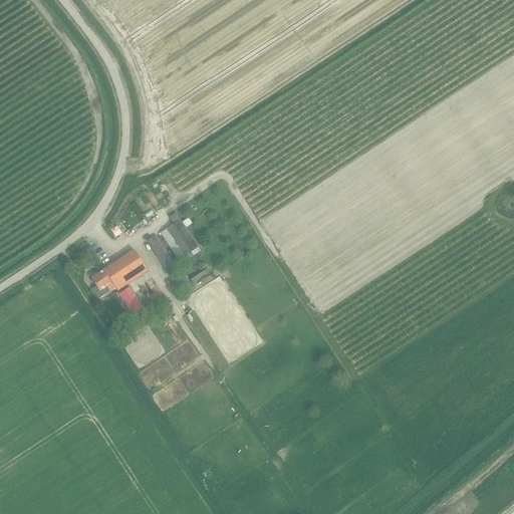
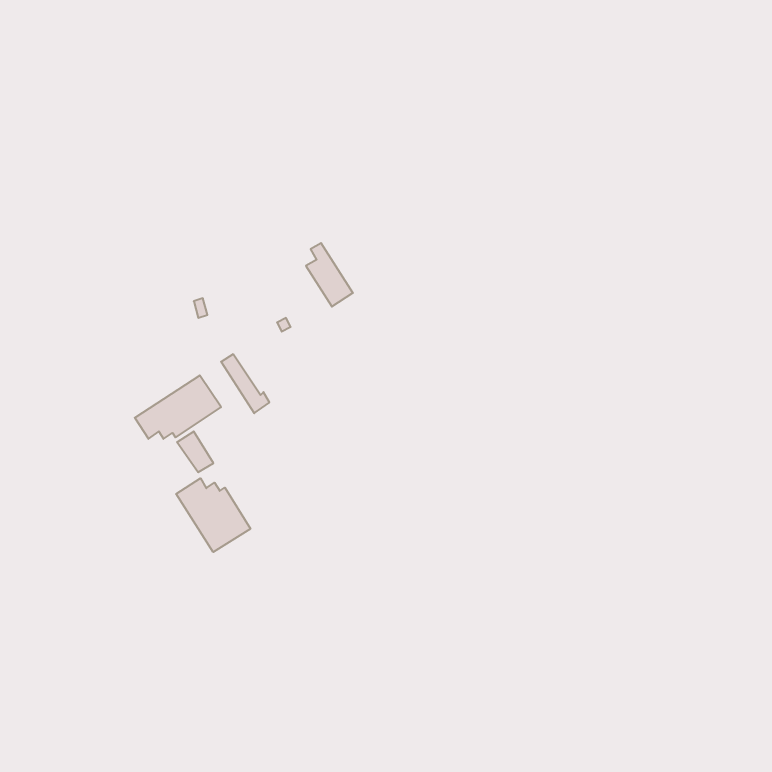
building: [167,213,198,255] -> [306,243,353,307]
building: none -> [176,478,250,552]

